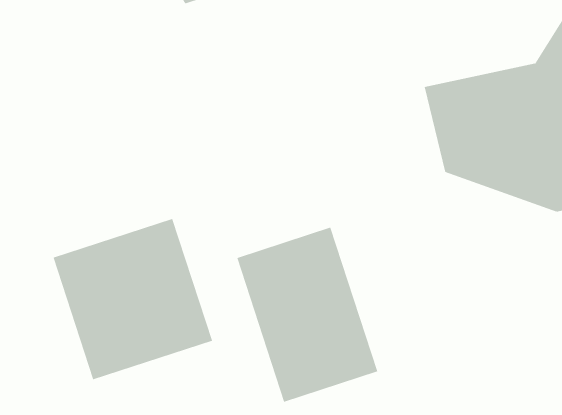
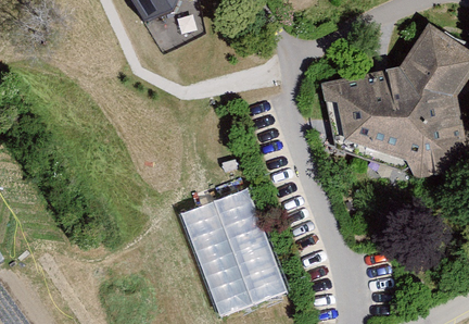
building: [53,218,213,380] -> none

